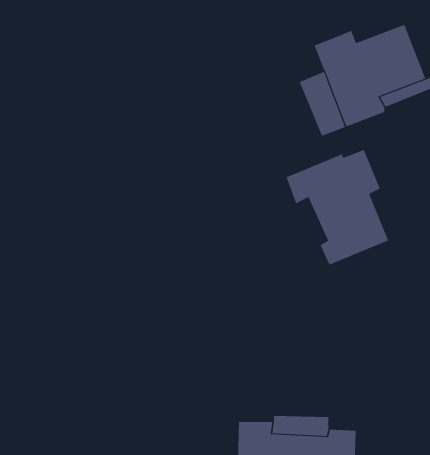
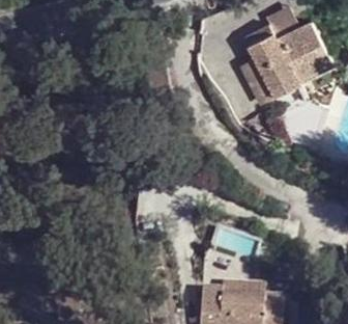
building: [286,149,389,265] -> none

